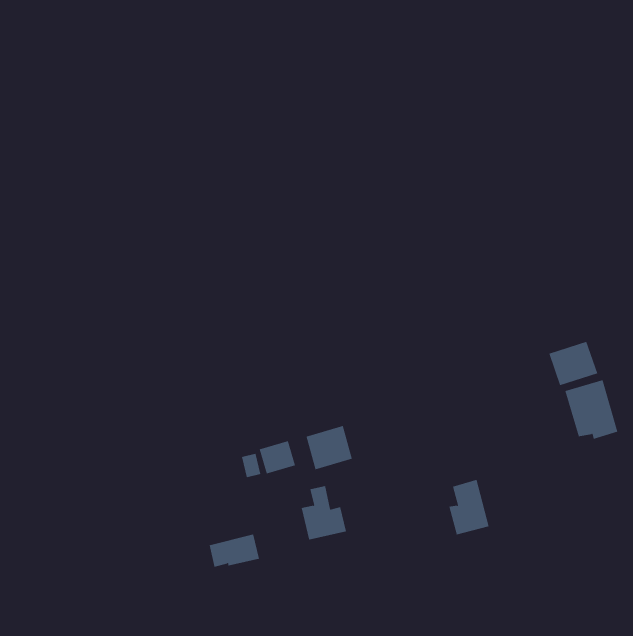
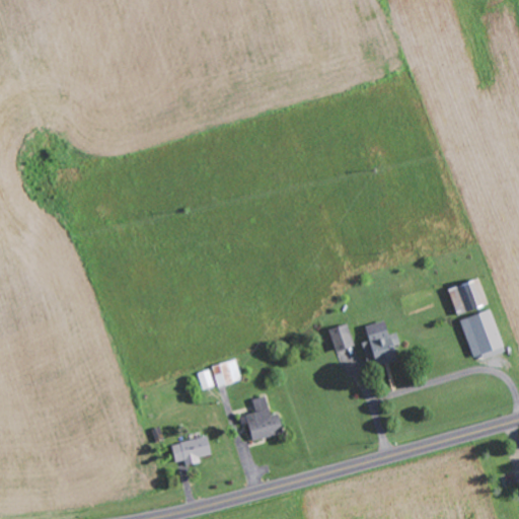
building: none -> [328,322,355,351]
building: [306,425,352,470] -> none
building: [449,479,490,535] -> [362,319,395,365]

